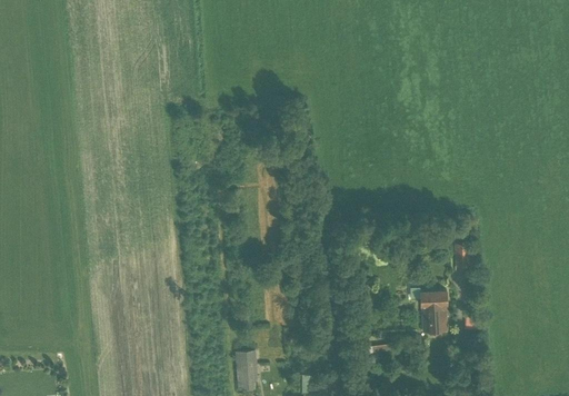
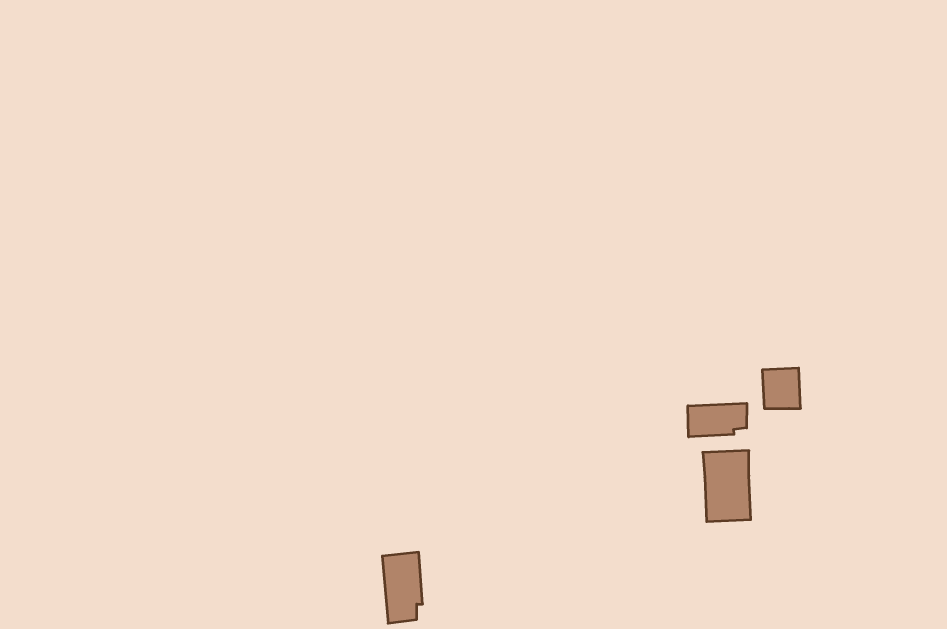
building: none -> [688,403,747,437]

